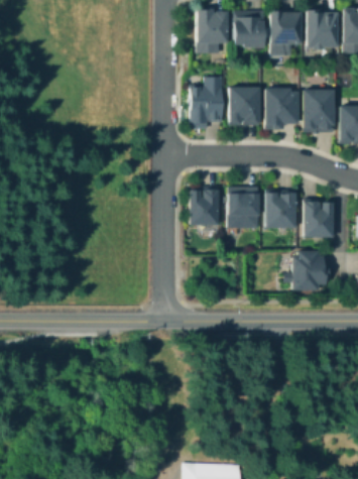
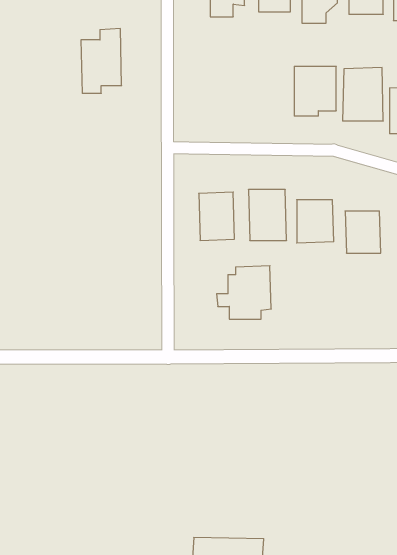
building: [190,75,222,126] -> [81,29,122,93]
building: [230,86,258,123] -> none
building: [282,251,326,293] -> [217,266,271,319]

